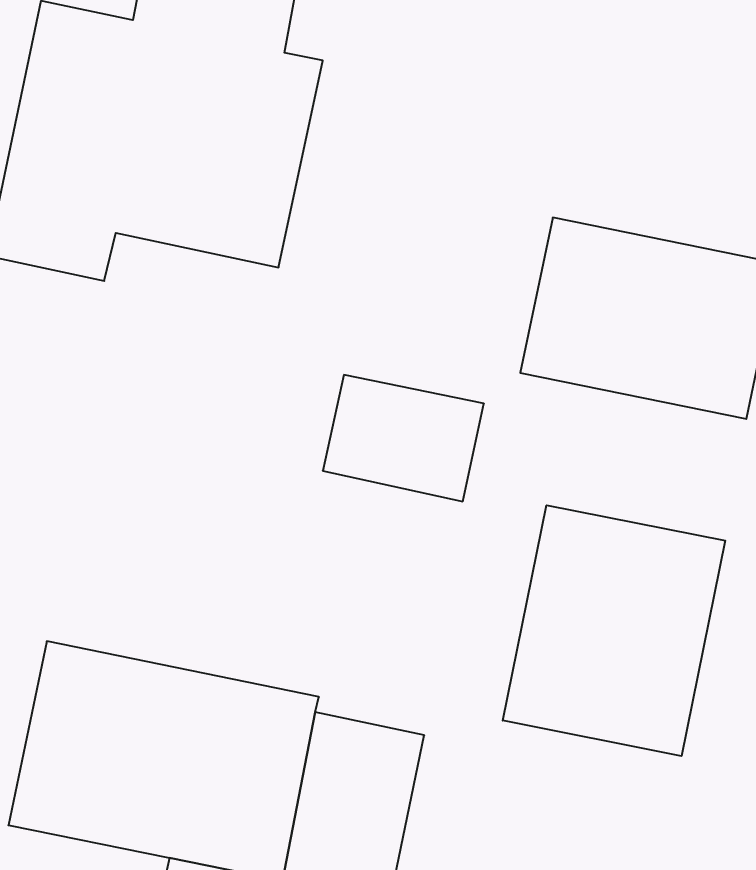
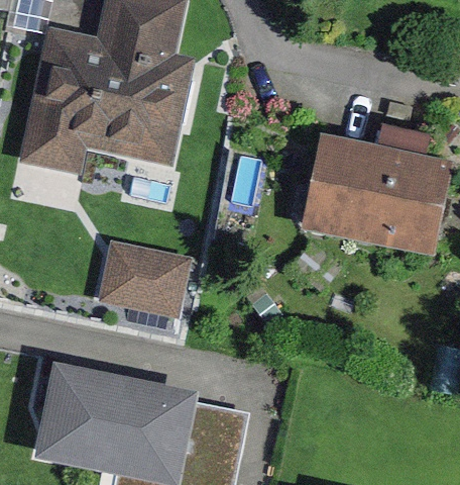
building: [323,375,484,501] -> [94,246,179,312]
building: [503,505,725,756] -> none

